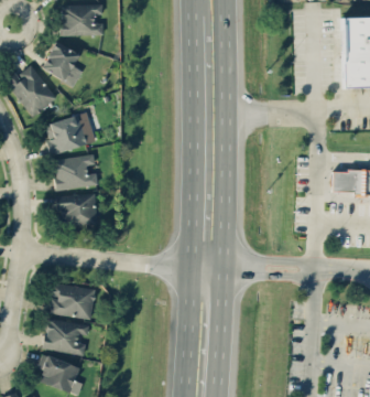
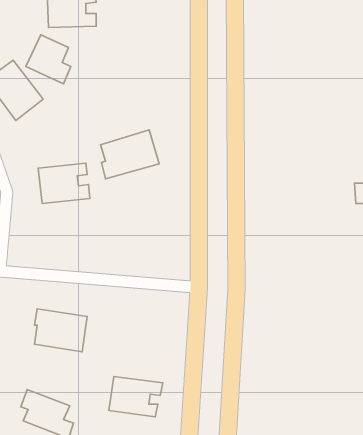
building: [46,111,98,154] -> [100,130,159,179]
building: [57,194,98,225] -> none
building: [44,319,91,354] -> [109,377,163,417]

